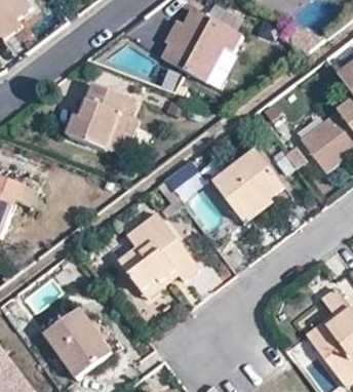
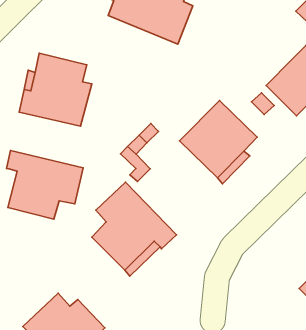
building: none -> [6,151,83,219]

